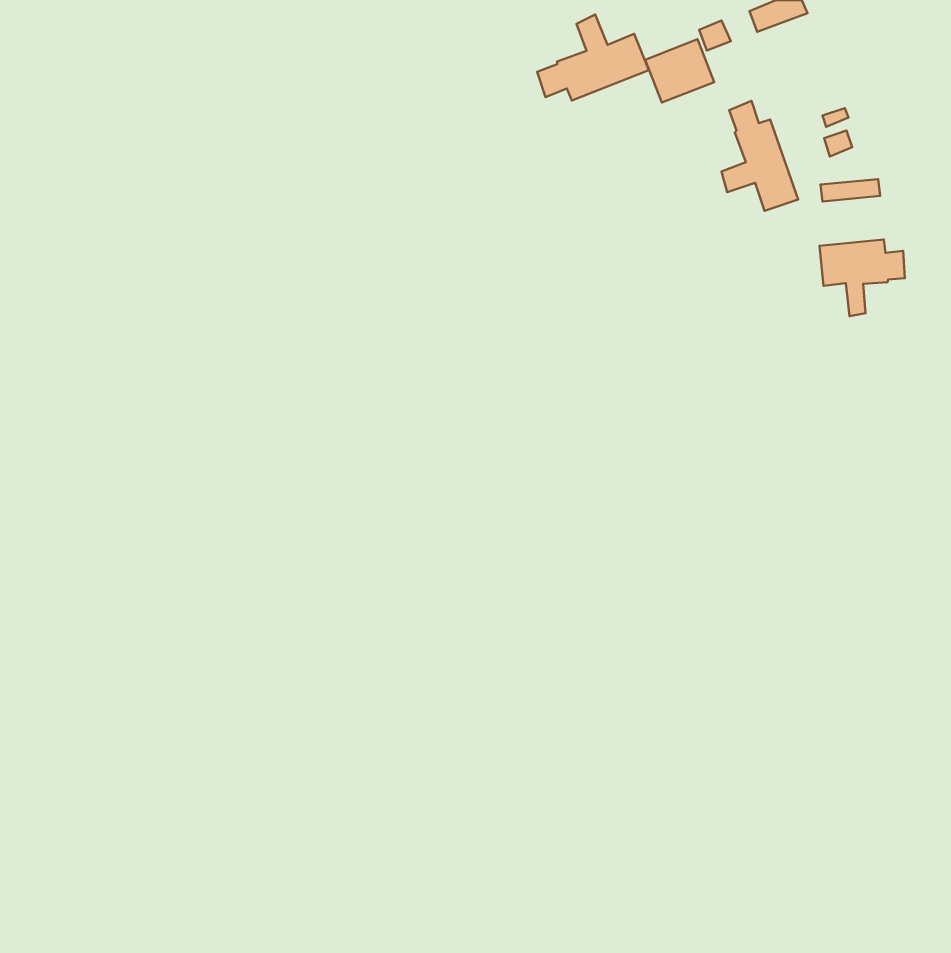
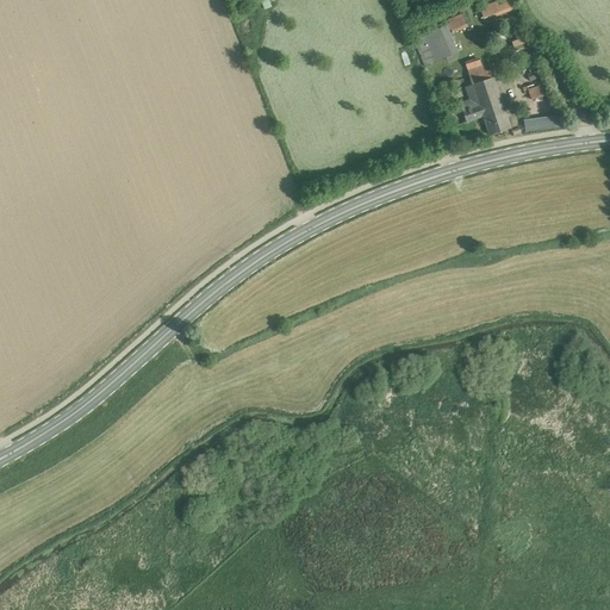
building: [537,15,649,101] -> none
building: [819,240,905,316] -> none

